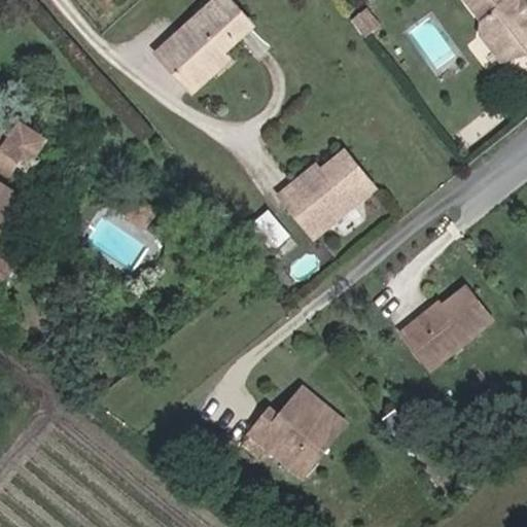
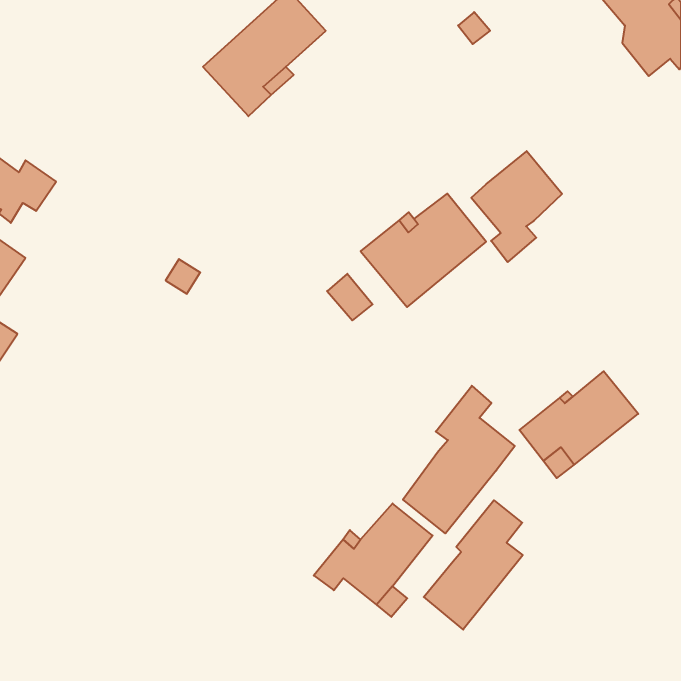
building: none -> [471,151,562,262]
building: none -> [403,386,515,533]
building: none -> [424,500,523,630]

